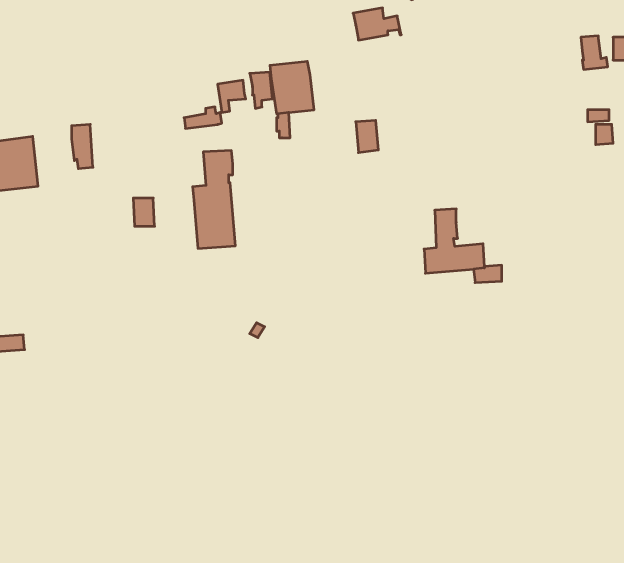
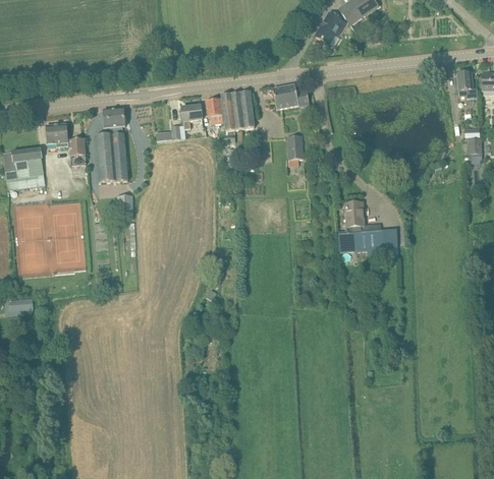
building: [353,8,401,40] -> [273,84,310,109]
building: none -> [46,123,68,146]
building: [193,151,235,248] -> [95,108,127,182]

